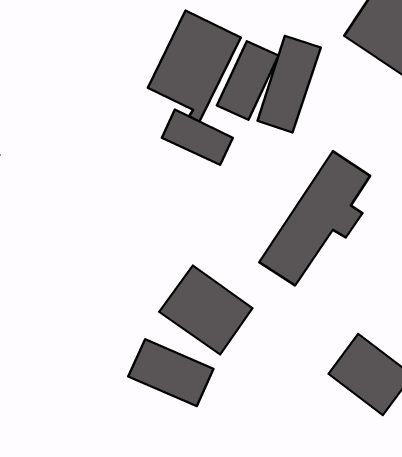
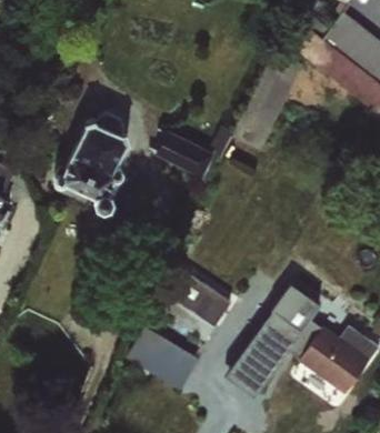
building: [148,10,241,121] -> [57,117,137,212]
building: [217,41,278,120] -> none
building: [259,151,370,285] -> [224,280,320,395]

